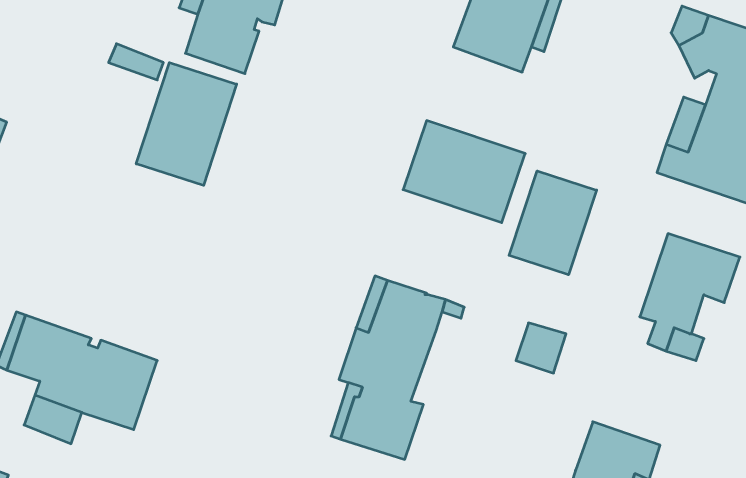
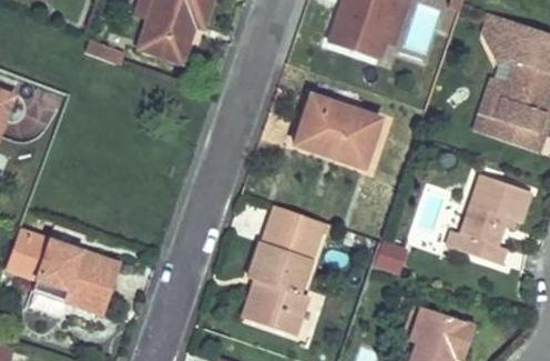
building: [136,63,237,185] -> none
building: [509,171,597,275] -> none

